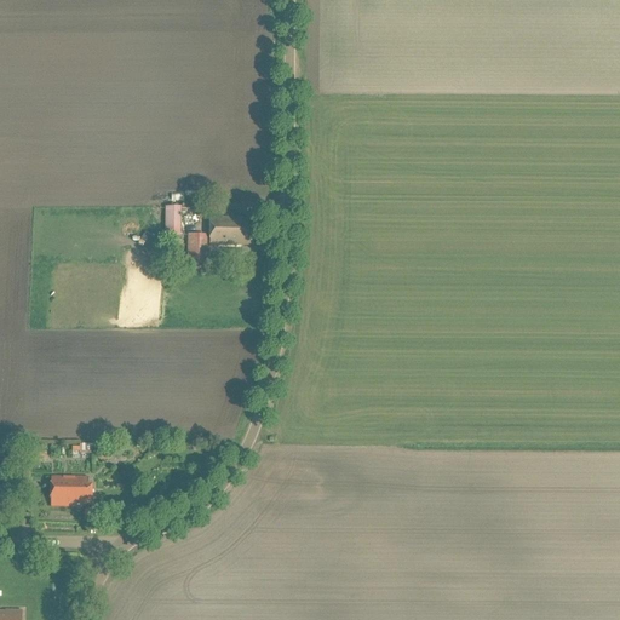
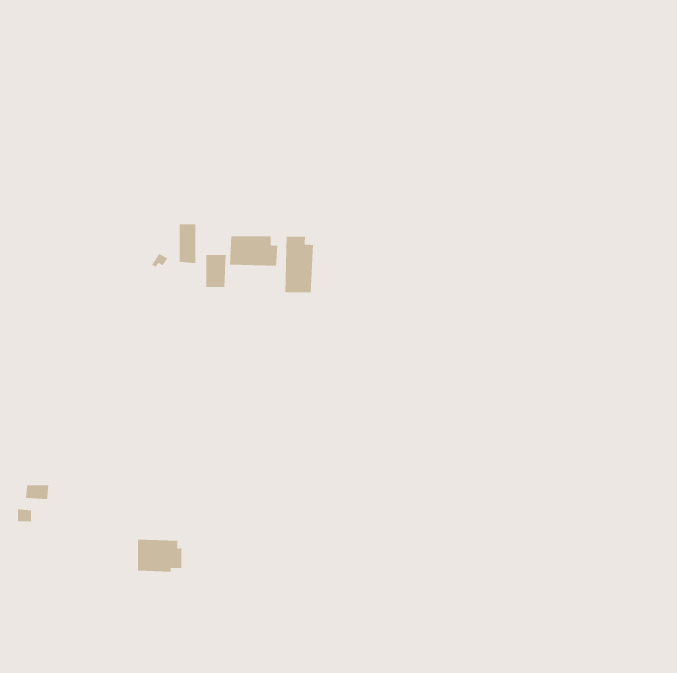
building: none -> [285,236,314,293]
building: [51,475,92,505] -> [137,539,182,572]

